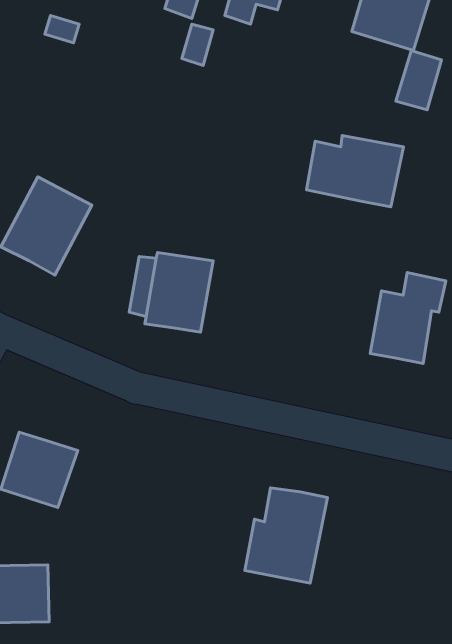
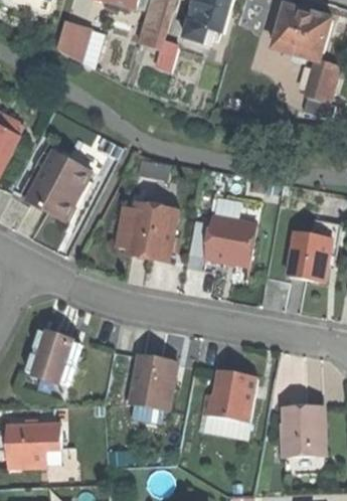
building: [307,136,404,207] -> [188,213,256,264]
building: none -> [130,353,176,421]
building: none -> [283,405,326,471]

